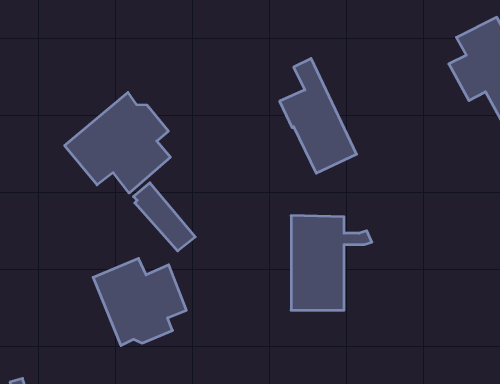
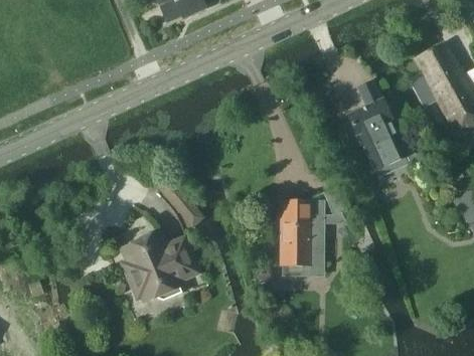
building: [280,58,357,173] -> [344,80,406,172]
building: [65,92,170,193] -> none

